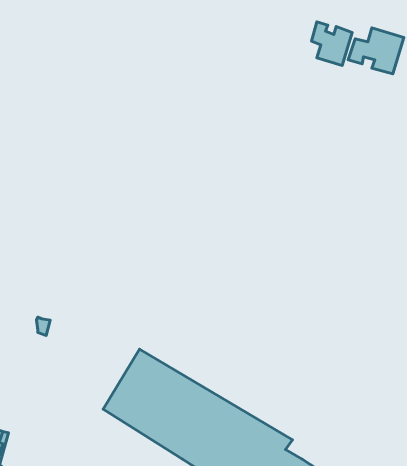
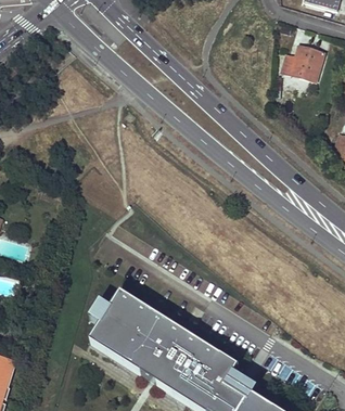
building: [311,22,352,66] -> none

